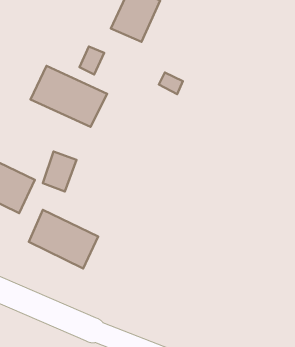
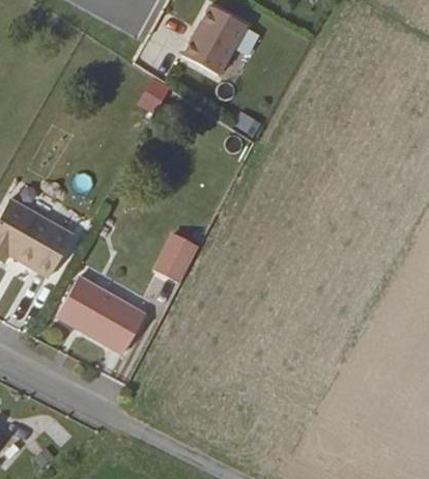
building: [31,66,107,127] -> none
building: [43,152,77,192] -> [159,235,203,286]

